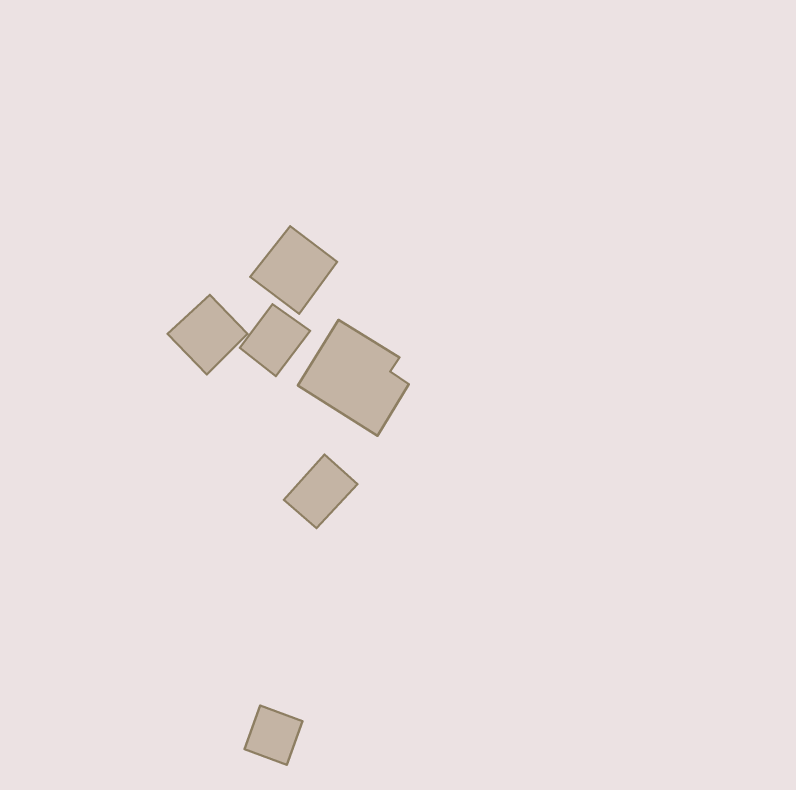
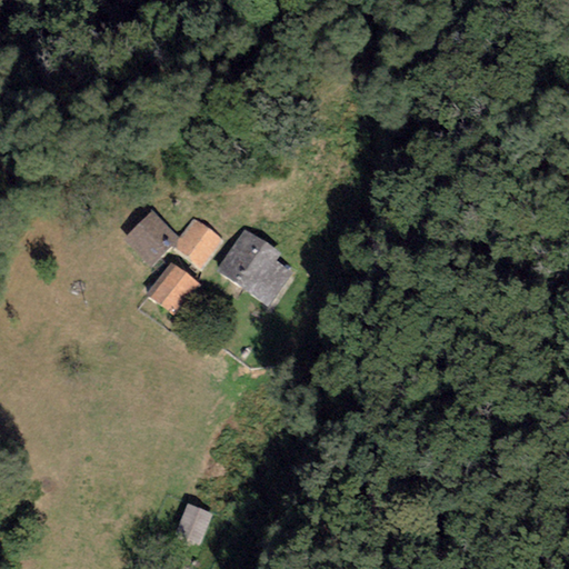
building: [250,226,337,314] -> none
building: [284,454,357,528] -> [143,263,196,316]

